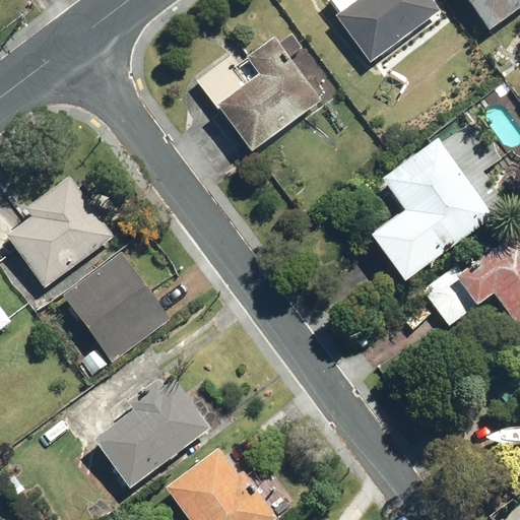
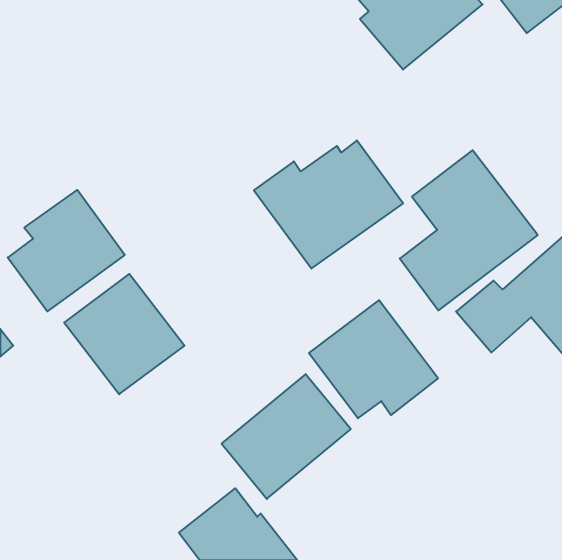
building: [197,31,334,149] -> [254,140,403,269]
building: none -> [309,300,438,418]
building: [90,376,209,491] -> [222,374,351,499]

